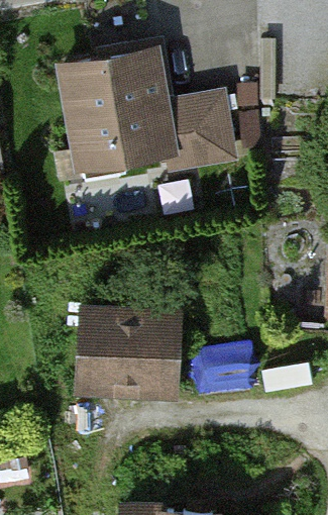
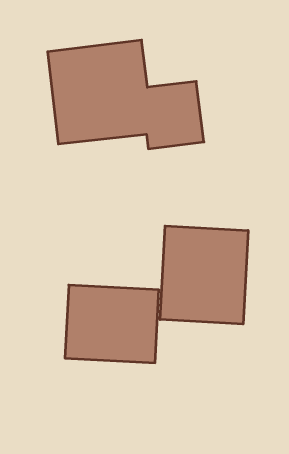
building: none -> [160,226,248,324]

